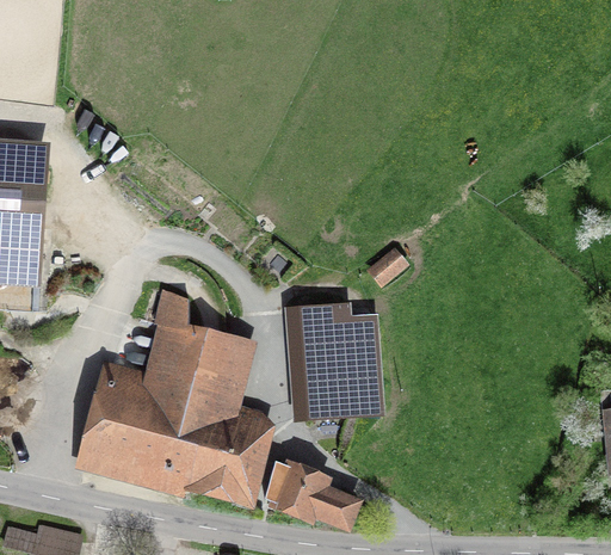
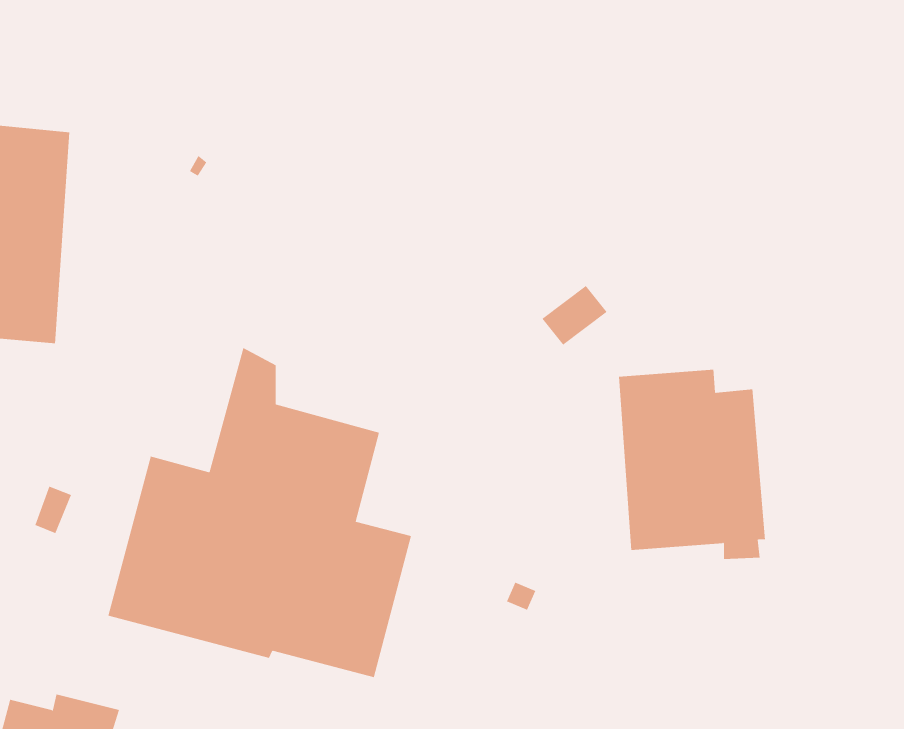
building: [285,301,384,428] -> [618,369,766,559]
building: [266,461,363,535] -> none

